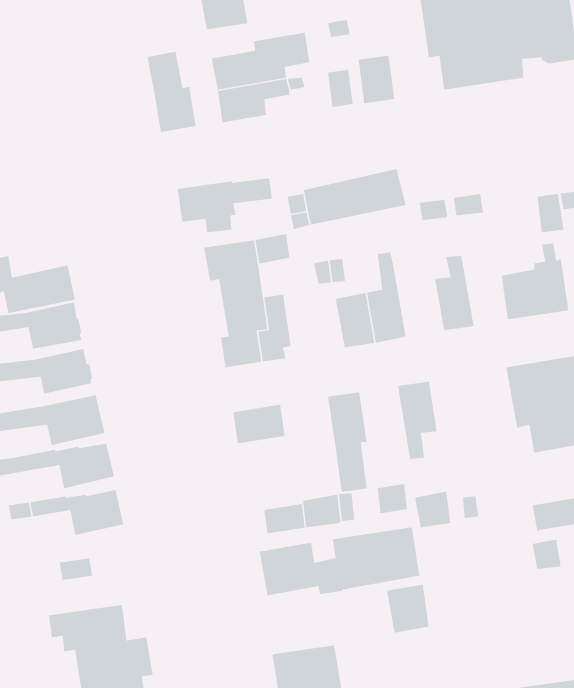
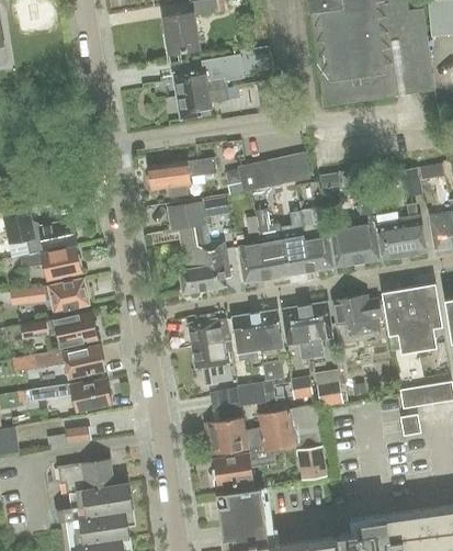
building: [147,51,196,133] -> none
building: [358,55,395,104] -> none
building: none -> [350,199,380,263]
building: none -> [299,209,332,271]
building: none -> [238,244,267,283]
building: none -> [331,295,381,336]
building: none -> [282,305,313,360]
building: none -> [231,313,262,368]
building: none -> [191,341,231,382]
building: none -> [213,449,275,486]

